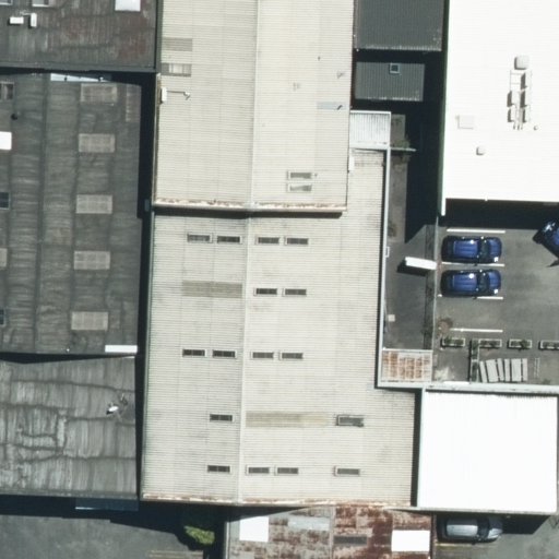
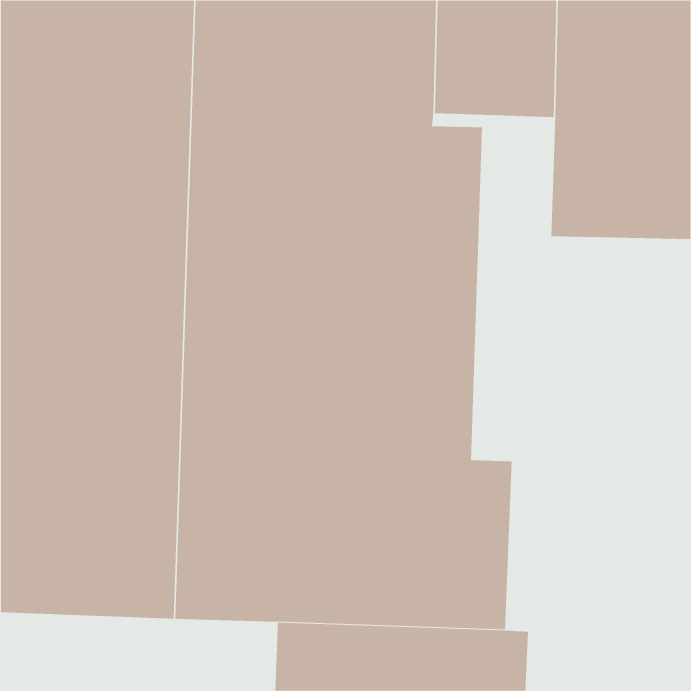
building: [408,372,554,513] -> none

